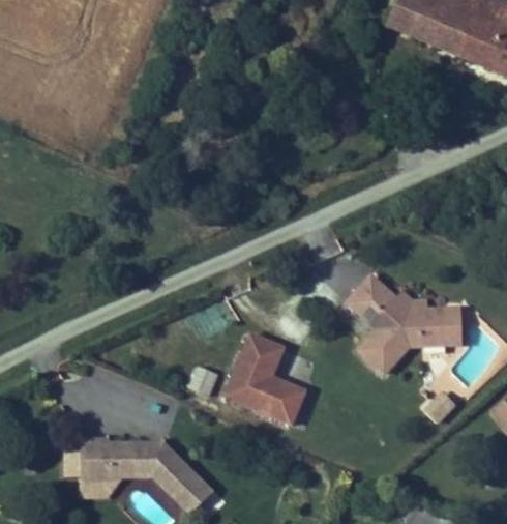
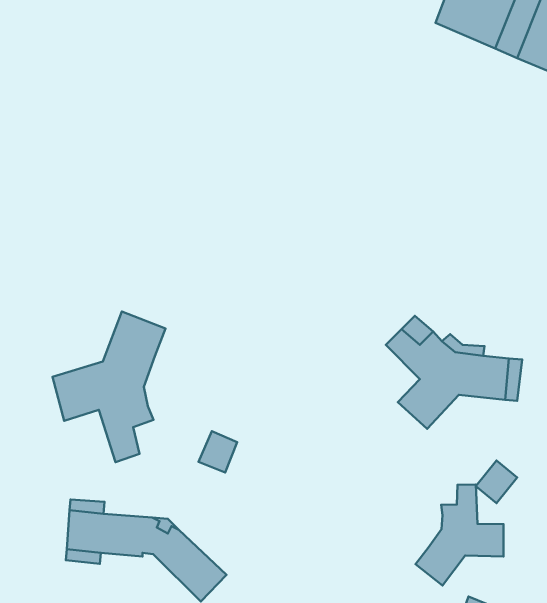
building: none -> [52,311,165,462]
building: [227,331,302,424] -> none
building: none -> [415,485,504,585]

